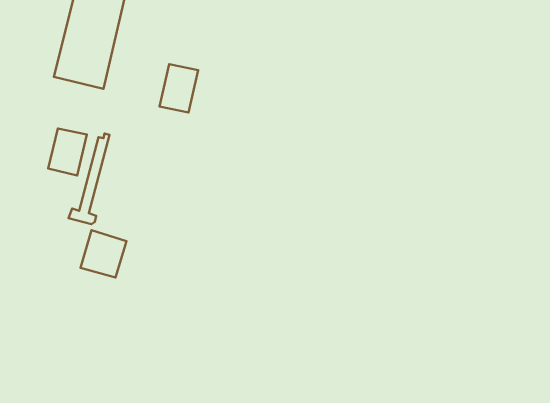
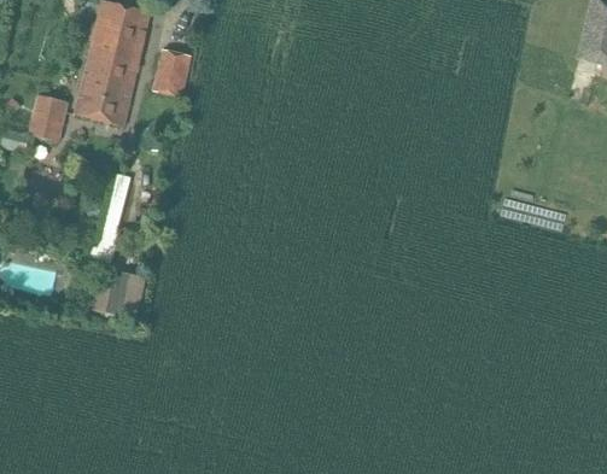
building: [160,64,198,113] -> [153,49,192,98]
building: [48,128,87,176] -> [29,95,68,142]

